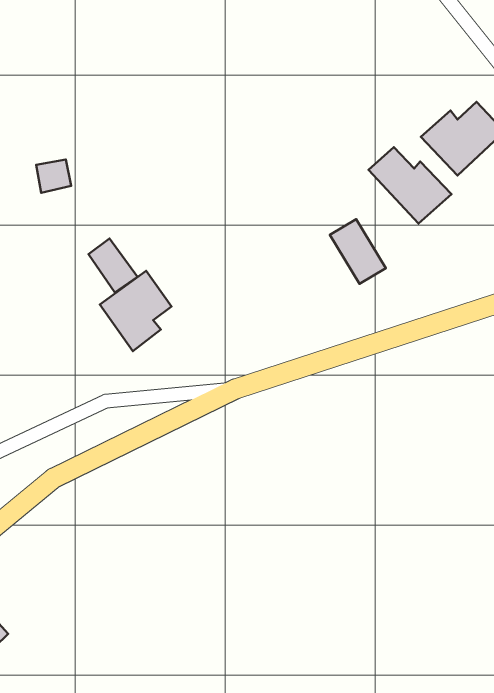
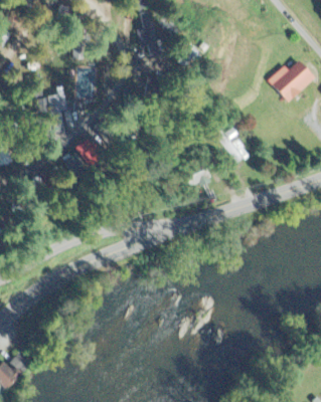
building: [369,147,451,224] -> none
building: [100,271,172,351] -> none

